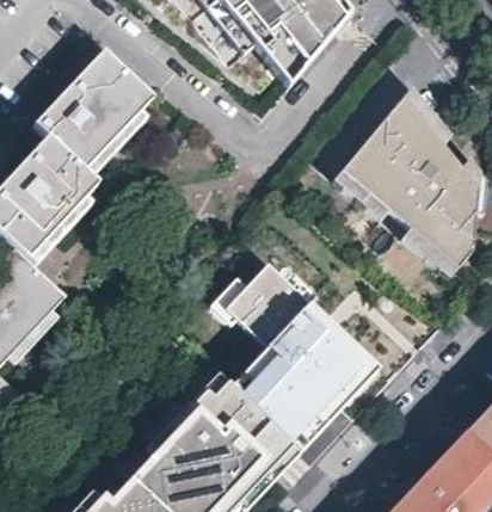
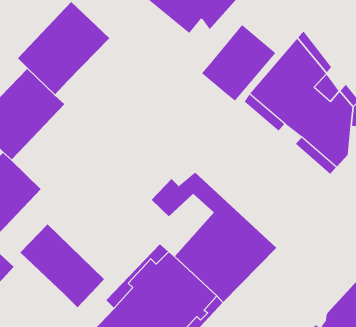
building: none -> [201,24,276,102]
building: none -> [20,224,105,308]

